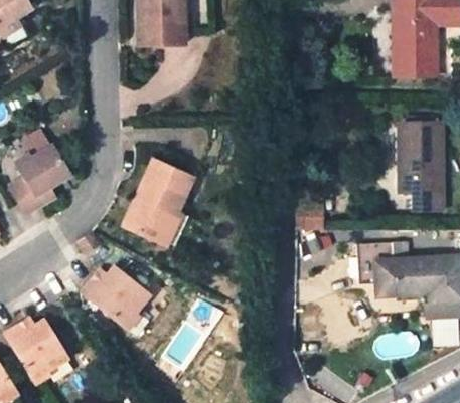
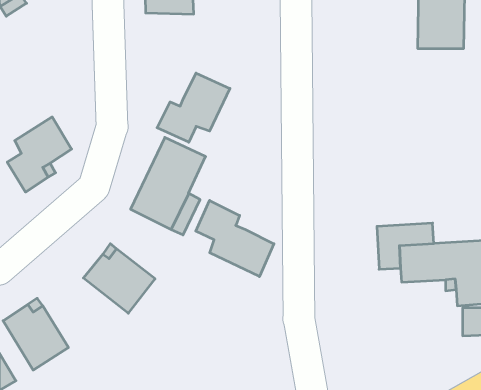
building: none -> [157,73,230,142]
building: [401,123,443,209] -> none
building: none -> [196,200,274,277]

